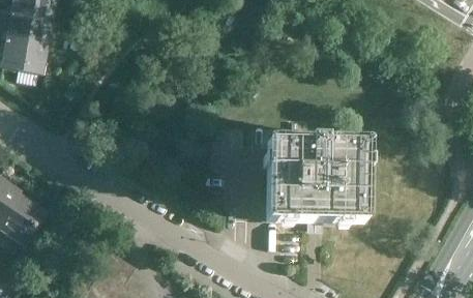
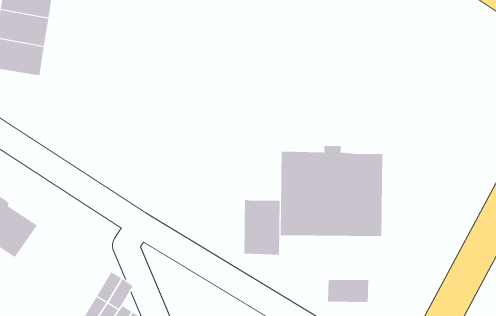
building: none -> [244,199,280,256]
building: none -> [327,279,369,303]

